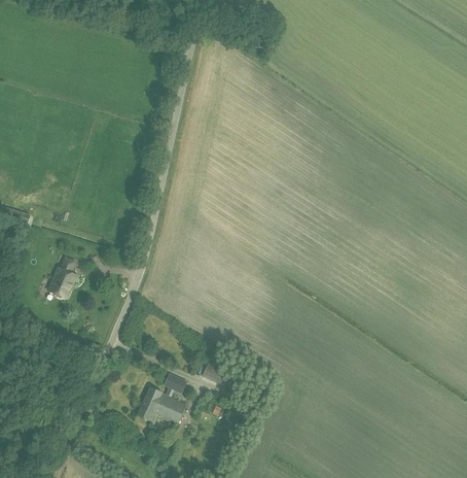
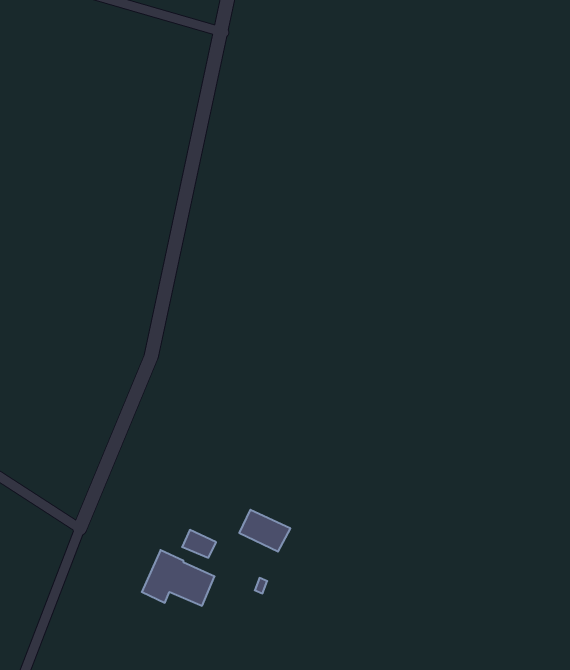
building: [47,258,76,298] -> none

